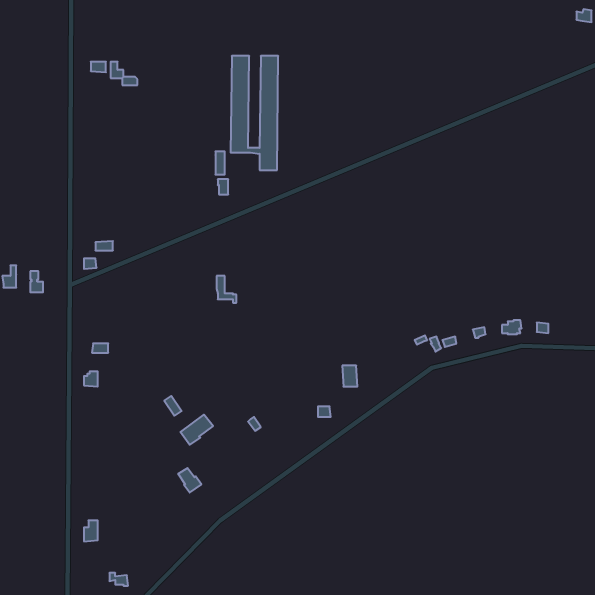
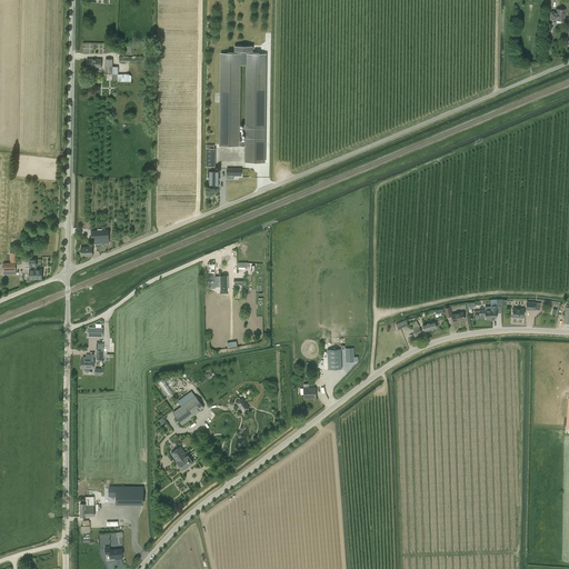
building: none -> [110,487,144,503]

